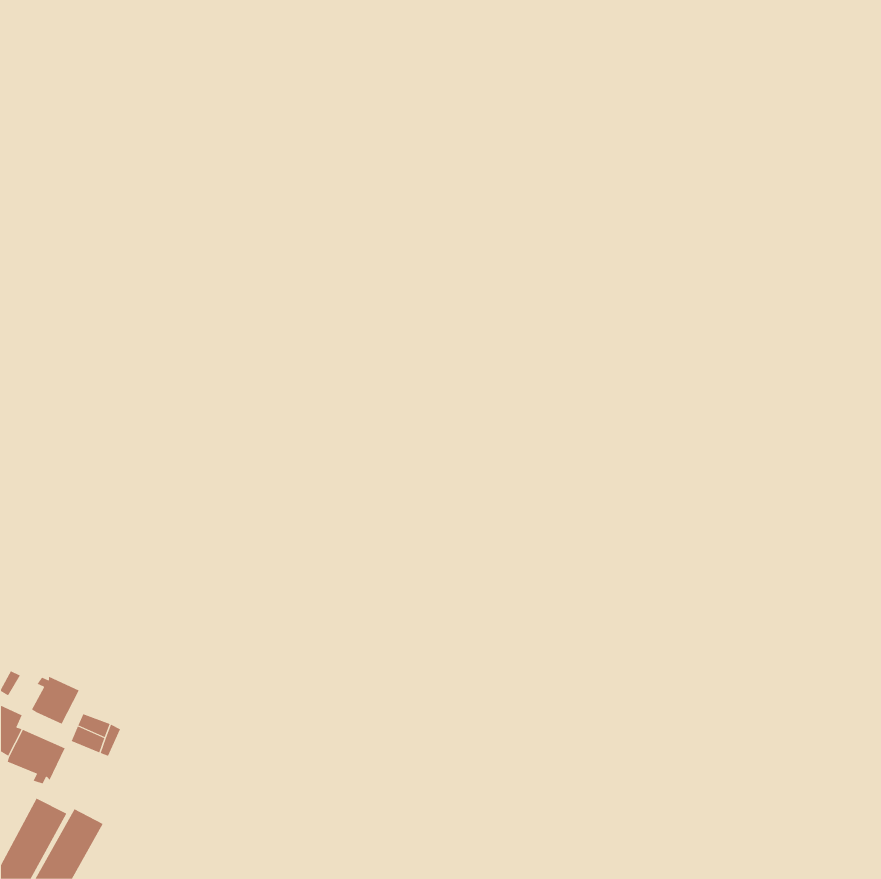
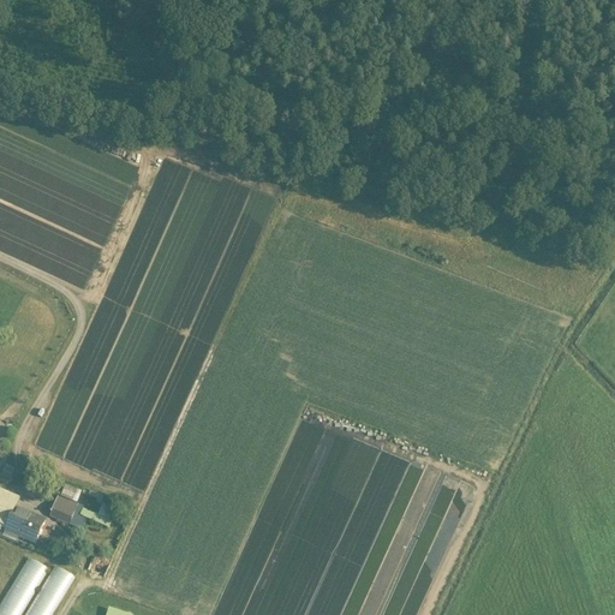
building: [31,676,79,724] -> none

